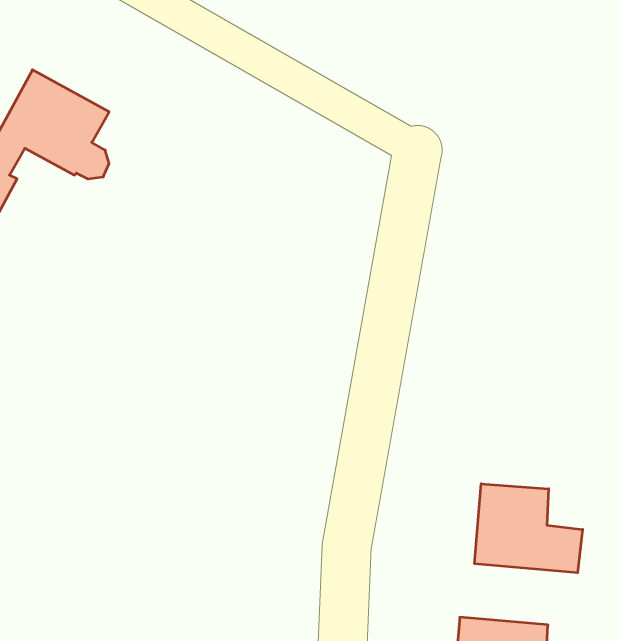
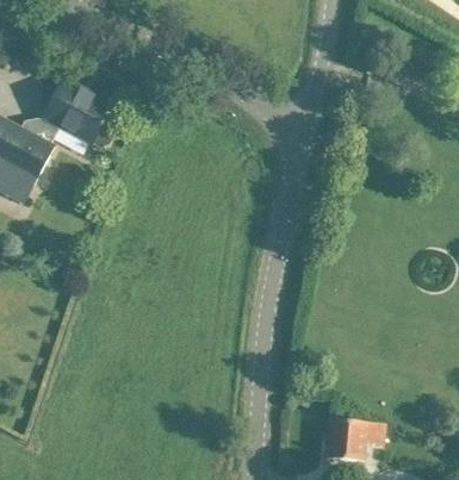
building: [475,484,583,573] -> none

